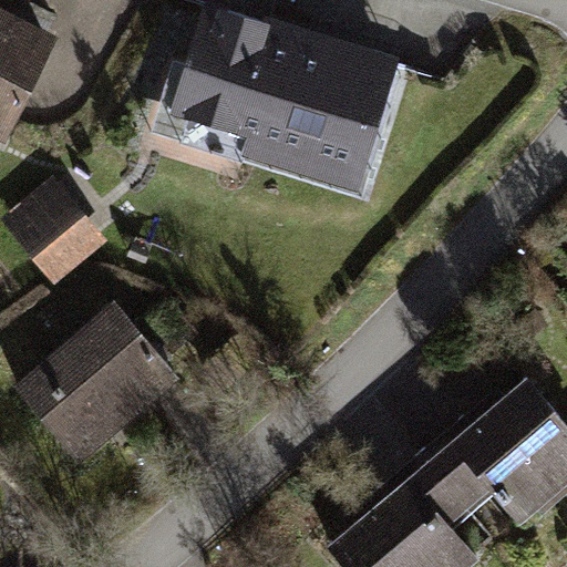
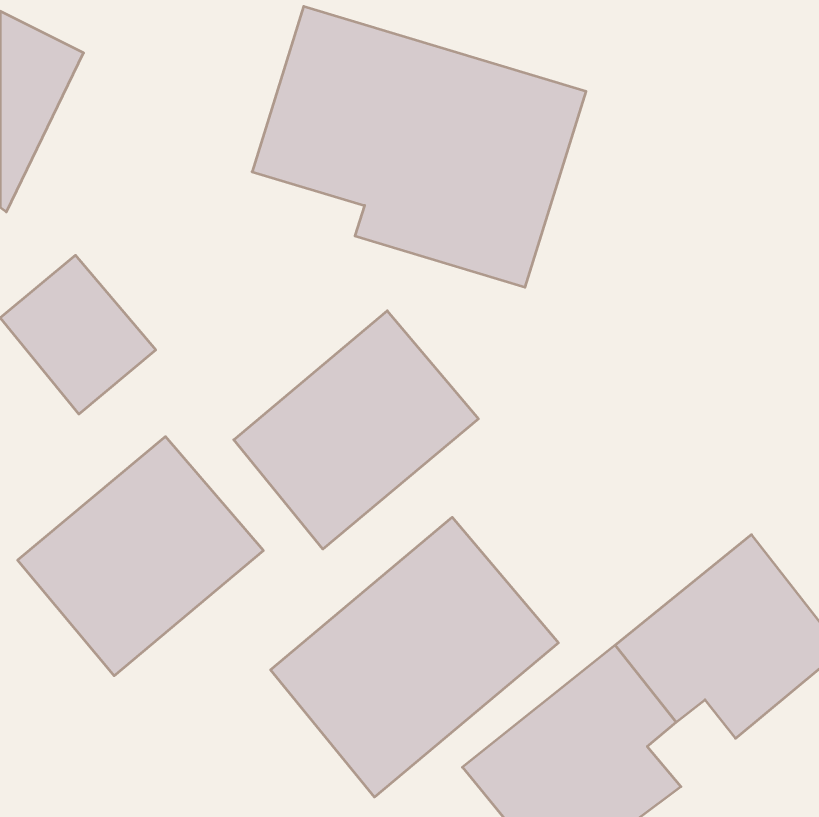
building: none -> [234,311,478,549]
building: none -> [271,517,558,797]

